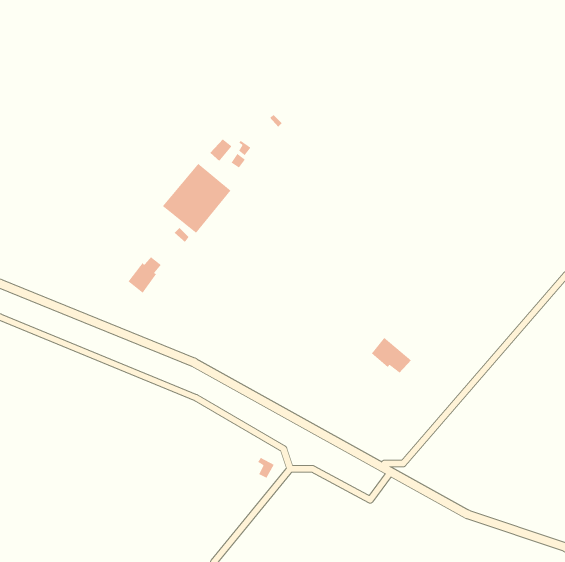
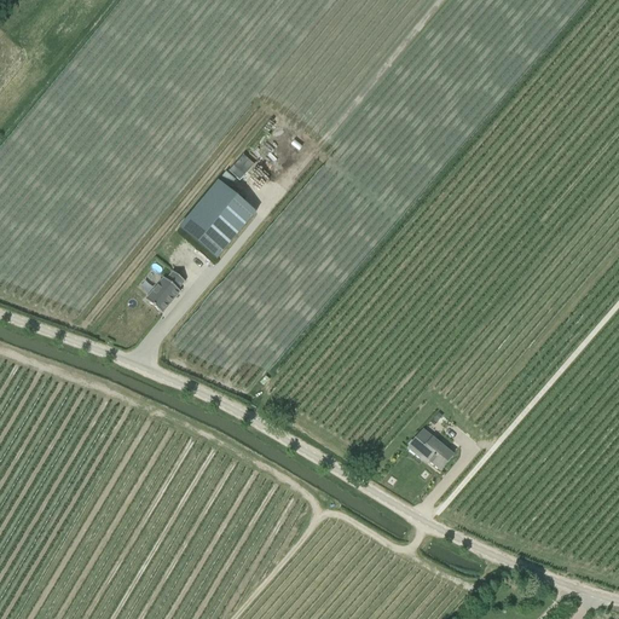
building: [371,337,412,373] -> [409,426,453,465]

